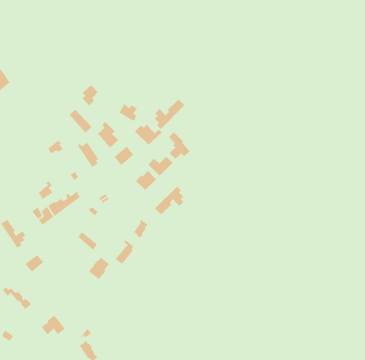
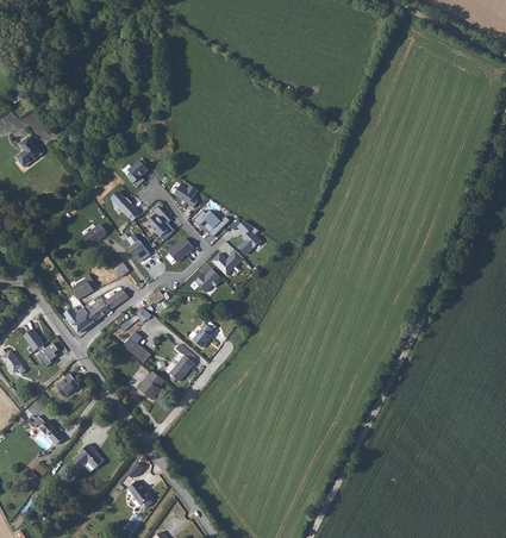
building: [154,99,185,130] -> none
building: [154,186,184,215] -> none

